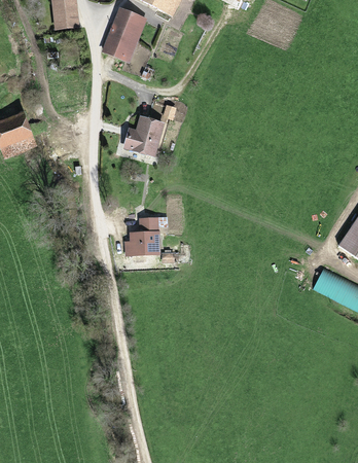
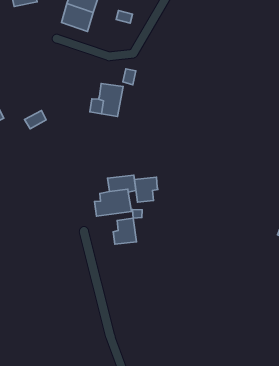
building: none -> [134,177,158,202]
building: none -> [113,218,137,244]

